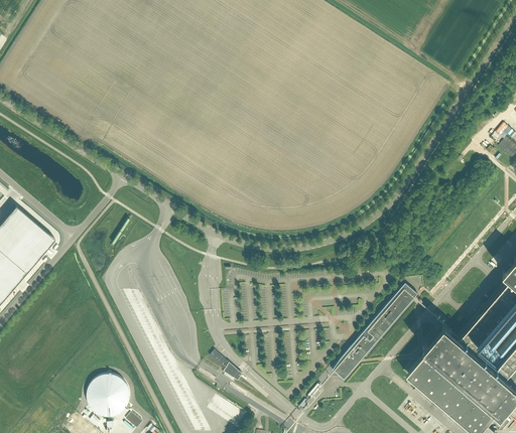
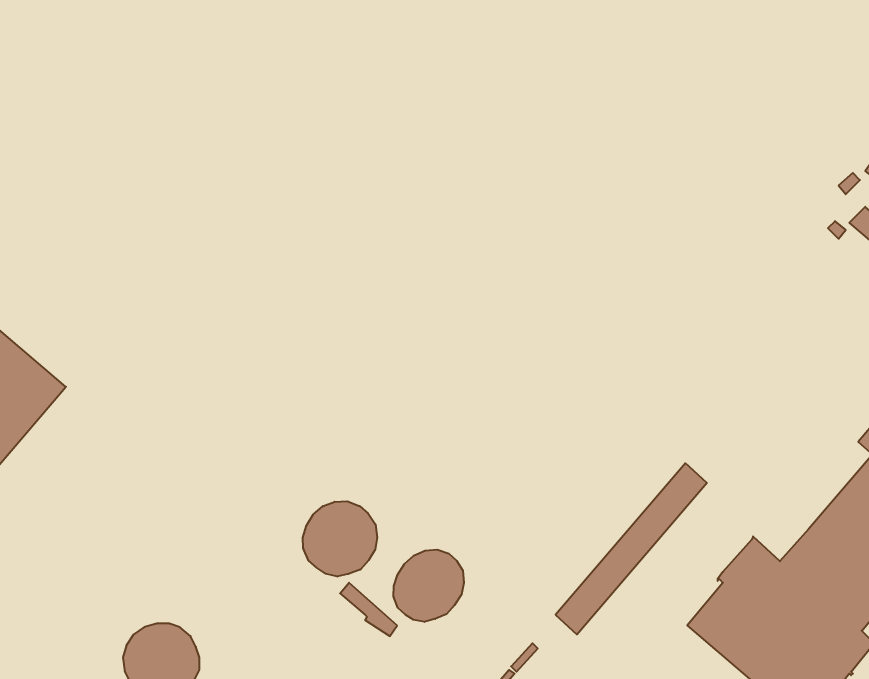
building: none -> [303,501,377,577]
building: none -> [394,550,464,622]

